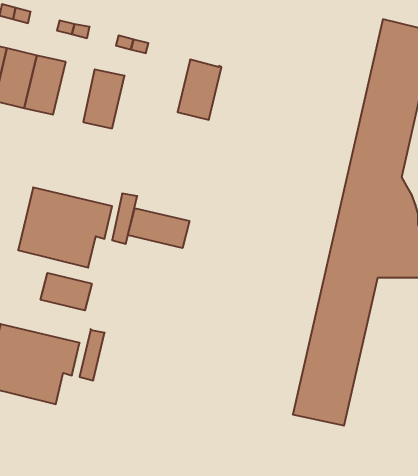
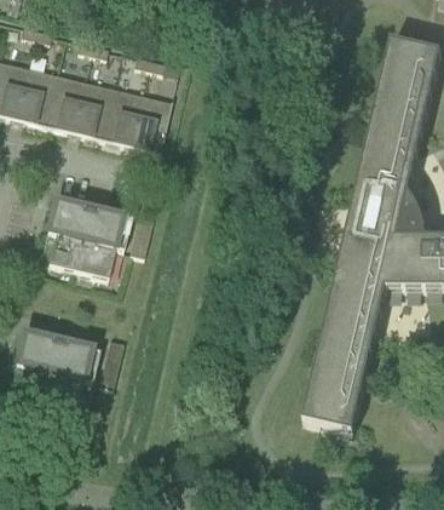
building: [178,60,221,120] -> [129,92,172,150]
building: none -> [73,79,113,137]
building: [128,208,189,248] -> none
building: [41,273,92,310] -> none

